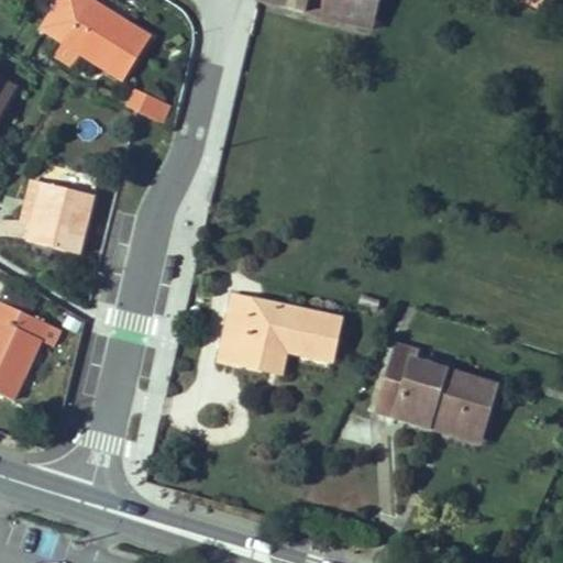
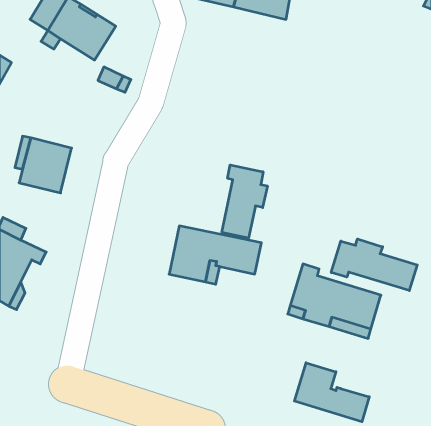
building: none -> [222,165,267,238]
building: none -> [331,239,417,291]
building: none -> [294,363,369,422]

